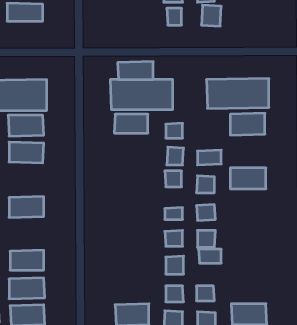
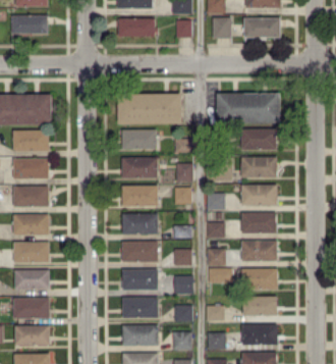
building: none -> [242,18,279,38]
building: [118,62,153,79] -> [117,18,154,37]
building: none -> [121,157,157,177]
building: none -> [240,157,277,177]
building: none -> [121,186,158,207]
building: none -> [13,187,49,207]
building: none -> [122,213,158,235]
building: none -> [241,213,276,233]
building: none -> [241,241,277,262]
building: none -> [13,242,50,263]
building: none -> [121,242,158,262]
building: none -> [241,268,277,290]
building: none -> [122,269,158,290]
building: none -> [122,297,158,318]
building: none -> [243,297,277,316]

